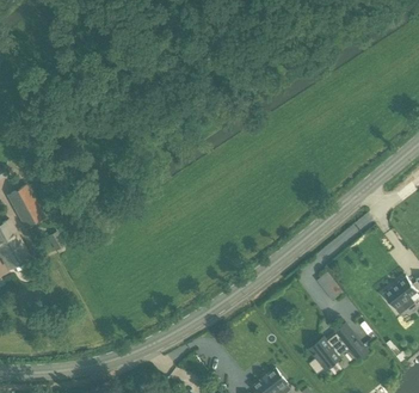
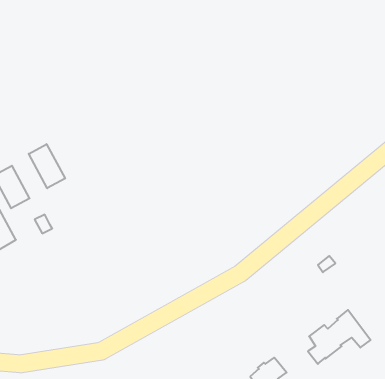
building: none -> [29,144,65,188]

